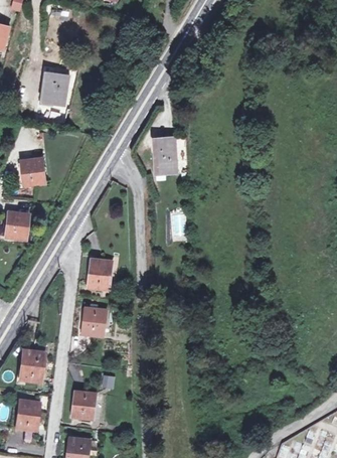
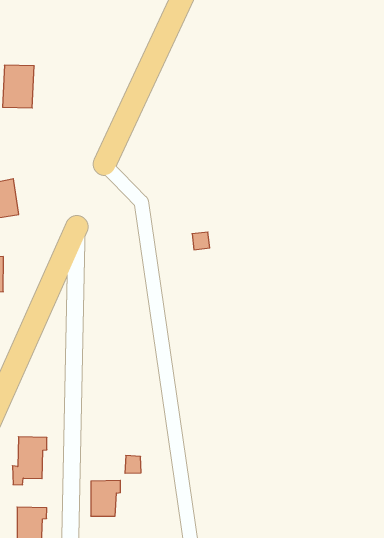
building: [152,137,176,174] -> none
building: [88,259,114,289] -> none
building: [82,306,108,335] -> none

